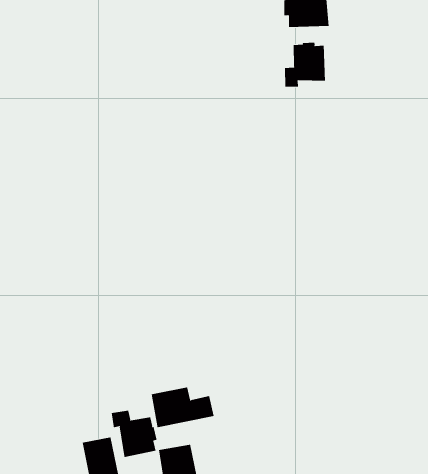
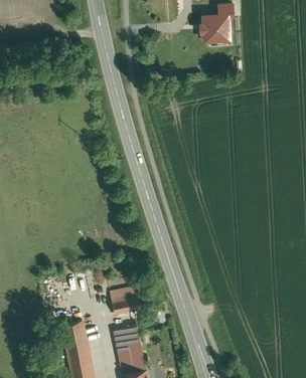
building: [285,42,326,87] -> none
building: [111,410,157,458] -> none

